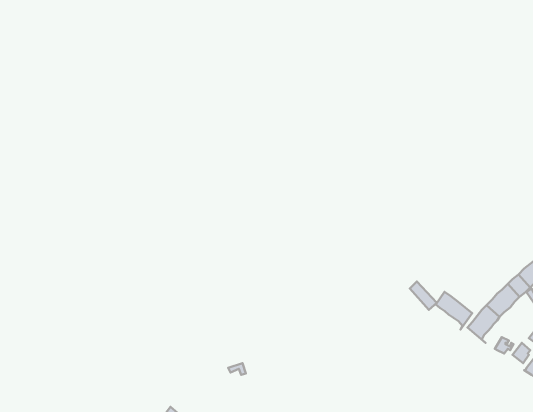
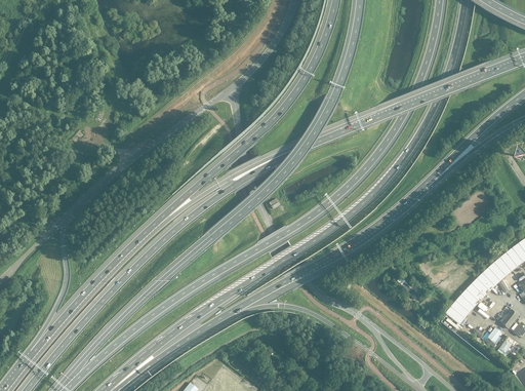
building: [436,292,472,330] -> none

